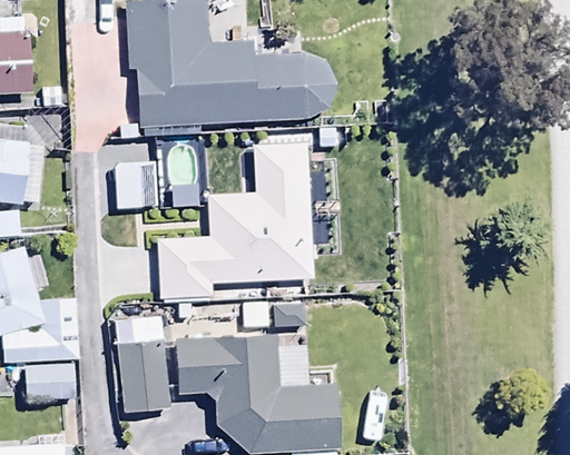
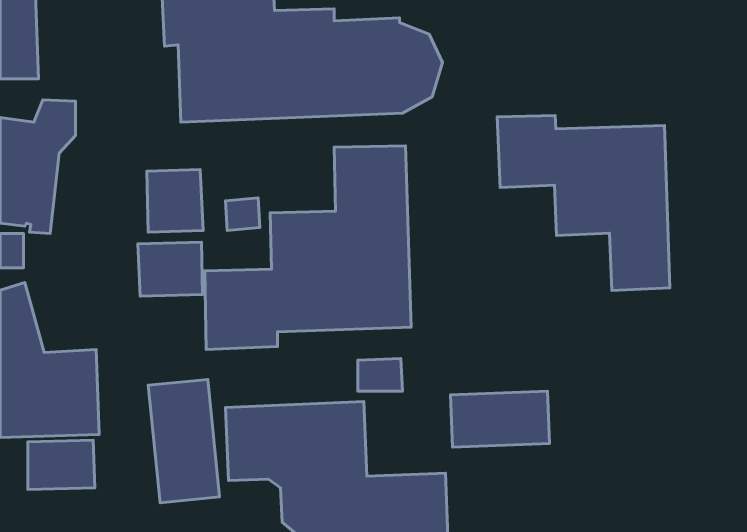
building: none -> [497,116,670,291]
building: none -> [138,242,202,296]
building: none -> [451,391,550,447]

